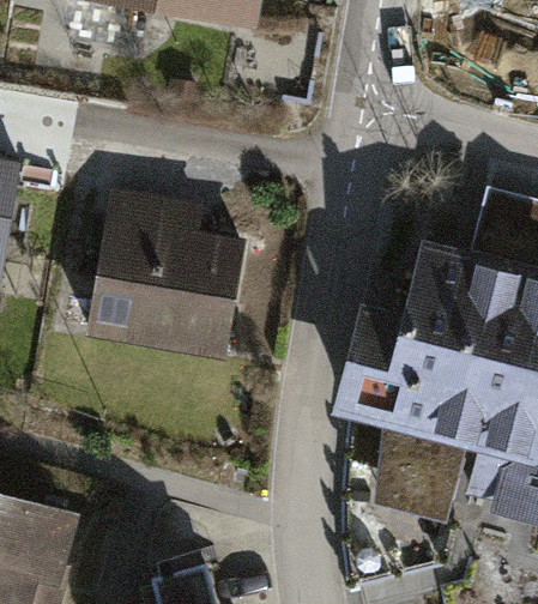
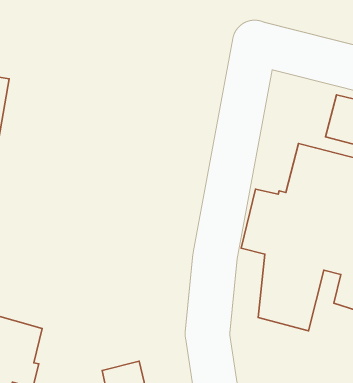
building: [90,195,244,352] -> none

